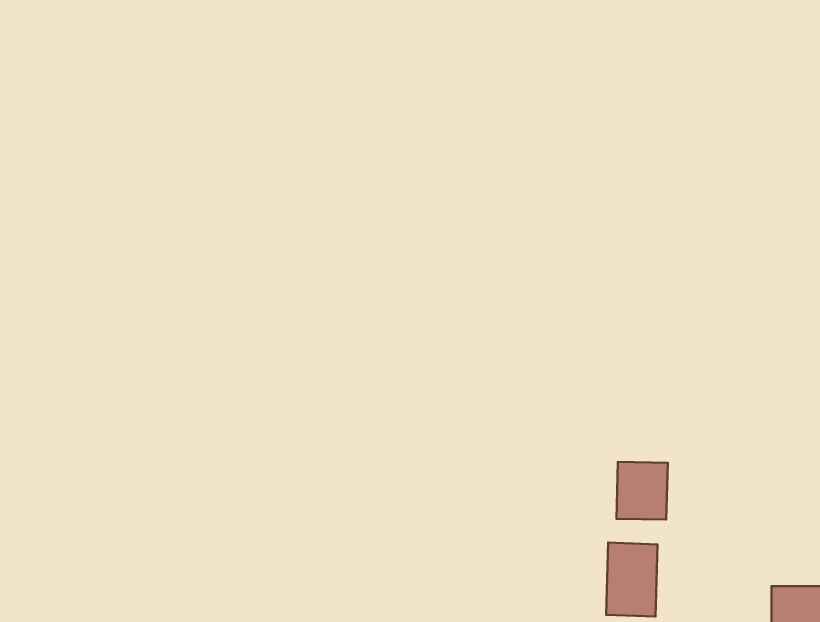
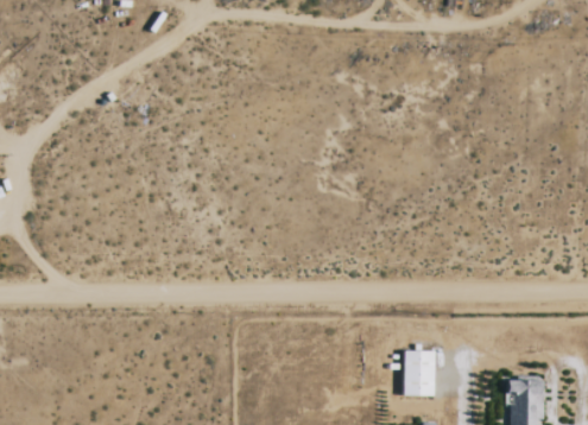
building: [616,462,668,520] -> none

